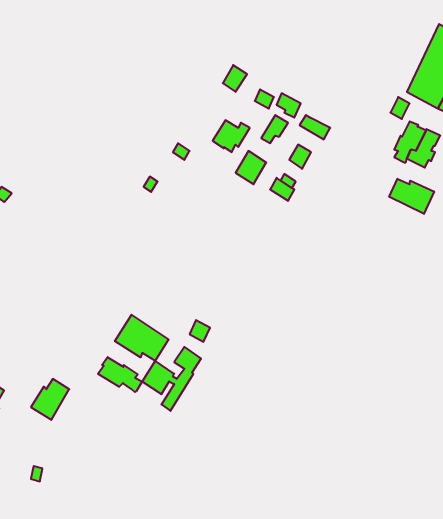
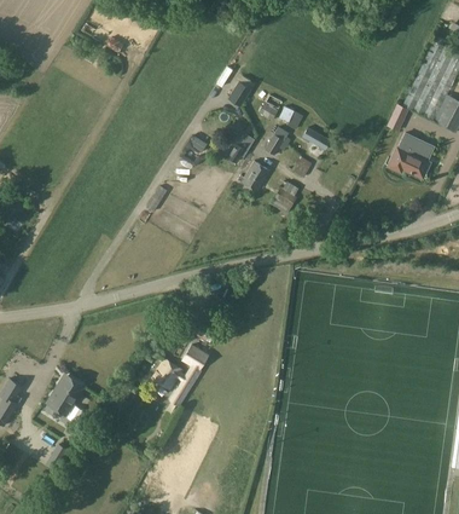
building: [389,179,434,214] -> none
building: [115,315,169,361] -> none
building: [98,357,142,392] -> none

